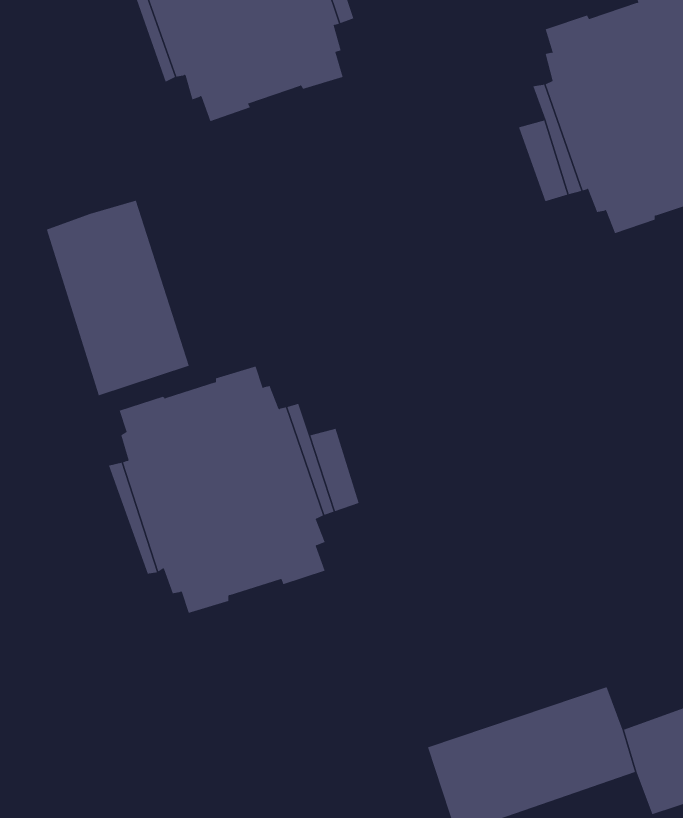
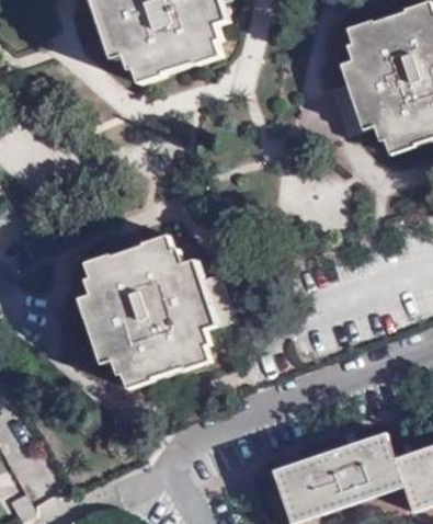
building: [46,200,190,396] -> none

